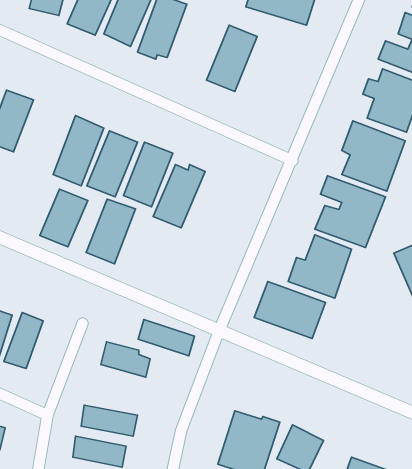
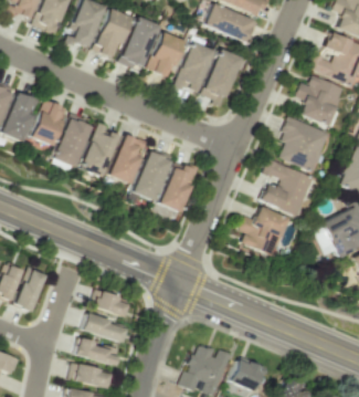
building: none -> [148,31,186,77]
building: none -> [201,49,242,105]
building: [40,189,88,247] -> [31,100,68,145]
building: [86,199,135,264] -> [160,161,199,212]
building: [254,281,326,339] -> none
building: [138,319,194,356] -> [83,314,127,343]

